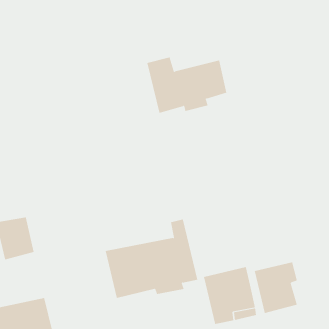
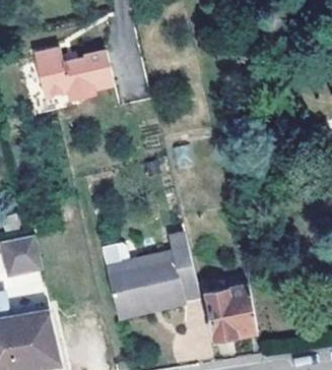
building: [146,57,227,114] -> [31,48,111,104]
building: [254,261,298,314] -> none

